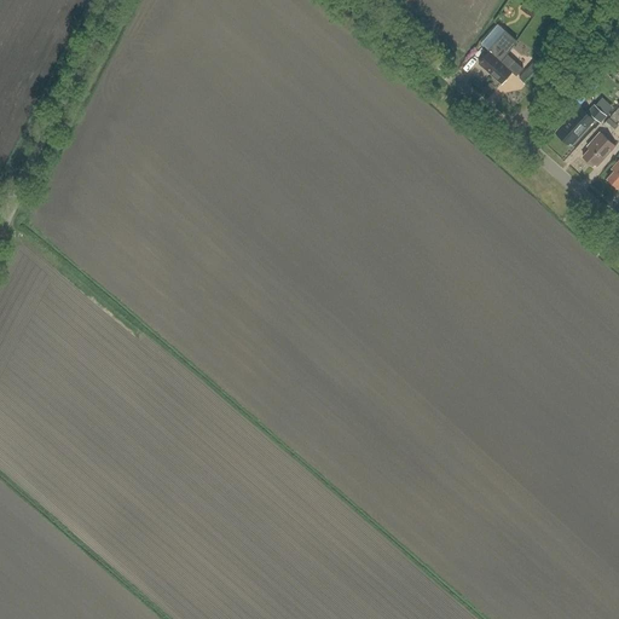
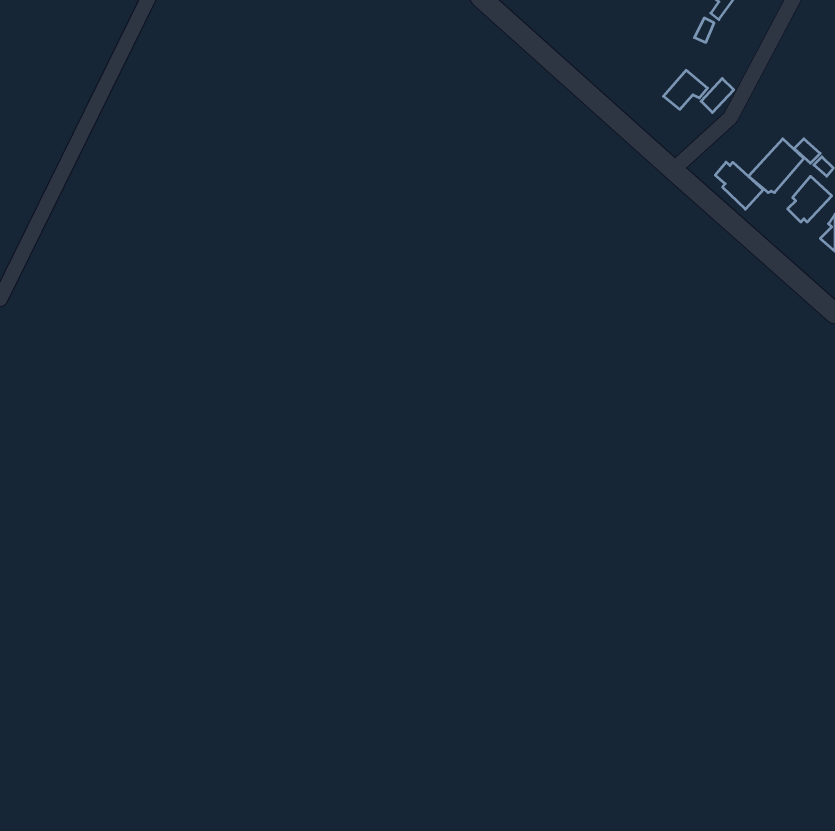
building: [479,28,517,71] -> none
building: none -> [715,162,763,209]

